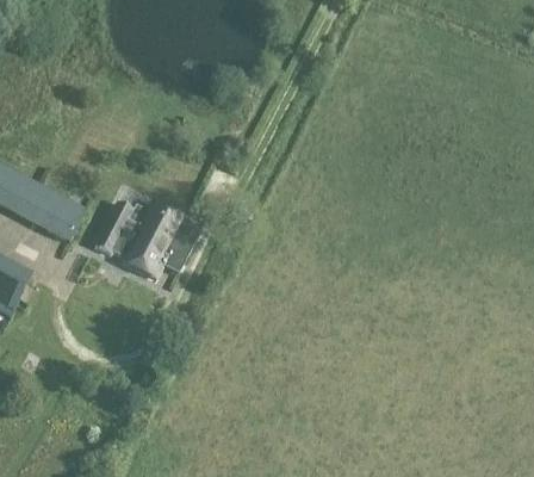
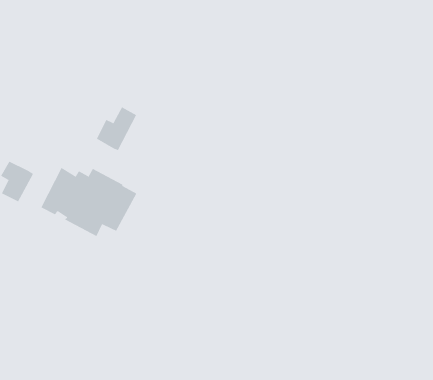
building: none -> [96,106,137,151]

